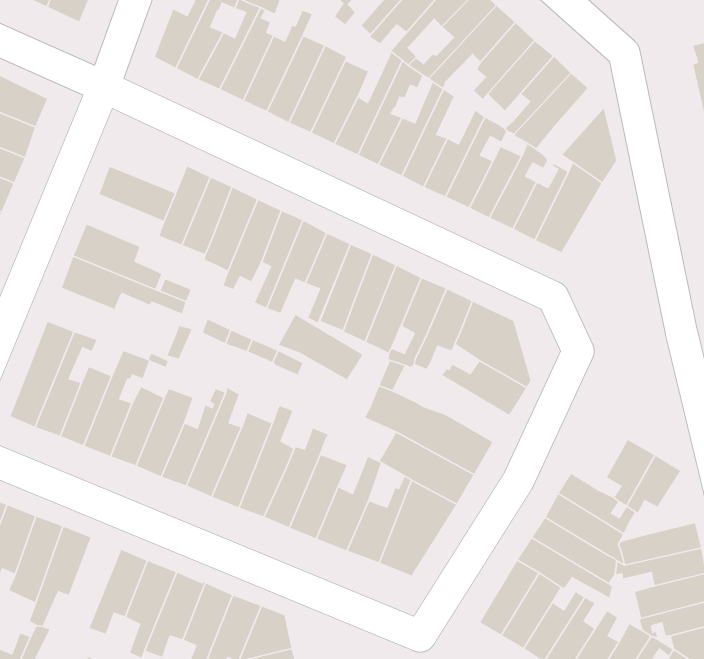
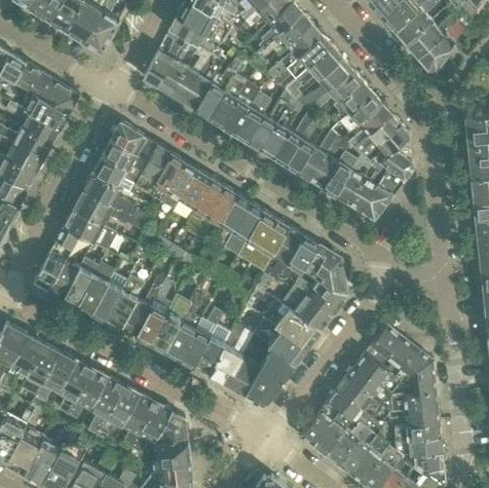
building: none -> [370,124,409,173]
building: none -> [110,121,156,159]
building: none -> [92,155,139,192]
building: none -> [63,209,119,252]
building: [278,314,363,380] -> [281,286,332,329]
building: none -> [365,324,401,365]
building: none -> [396,359,436,395]
building: none -> [58,359,91,413]

